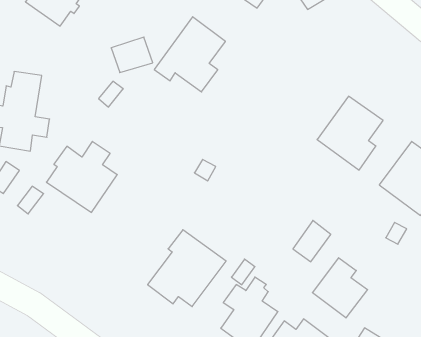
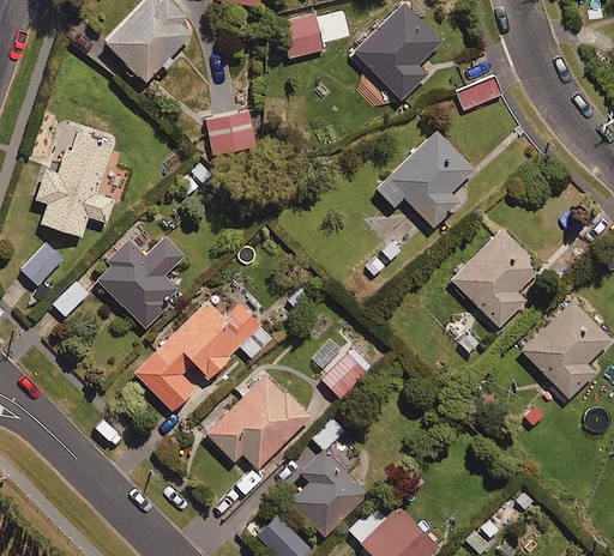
building: [154,17,225,92] -> [377,129,474,228]
building: none -> [137,300,271,406]
building: [293,220,331,262] -> [320,345,372,398]
building: [312,258,368,318] -> none

